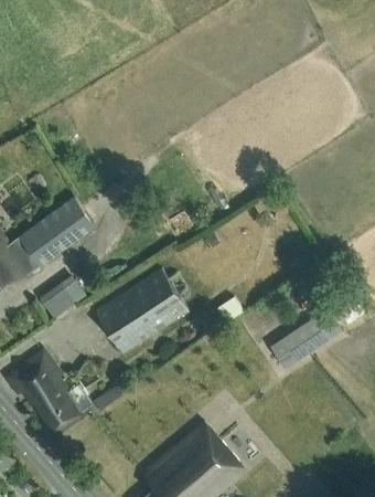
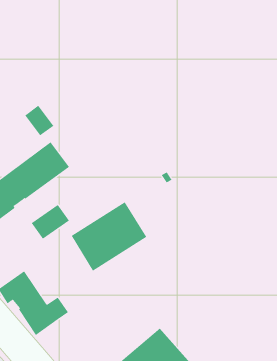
building: none -> [24,105,54,136]
building: [271,308,335,368] -> none

